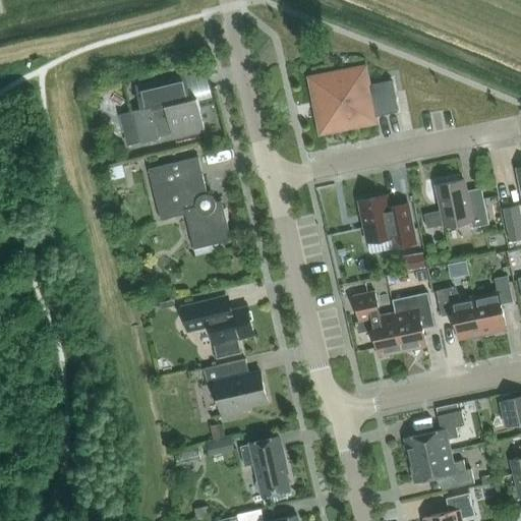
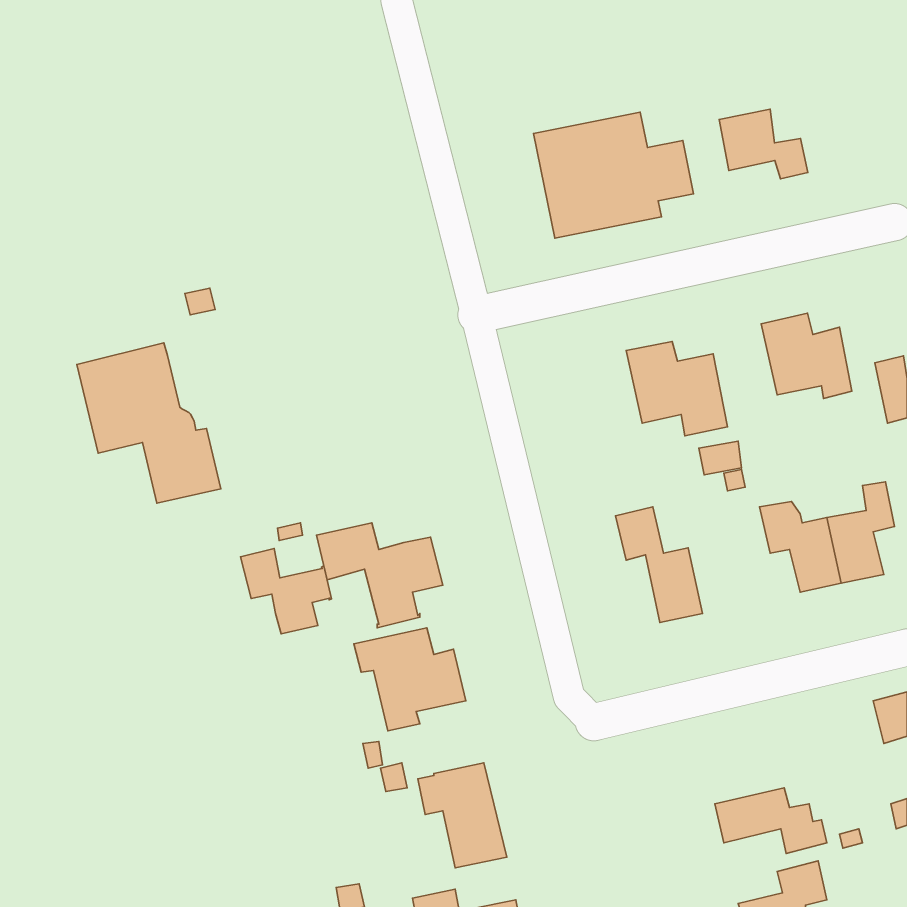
building: none -> [719,109,808,179]
building: [116,75,204,144] -> none
building: [148,158,230,249] -> [77,343,221,503]
building: [391,293,433,352] -> none
building: none -> [241,549,331,634]
building: [404,411,464,461] -> none

